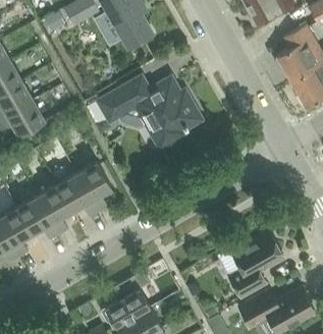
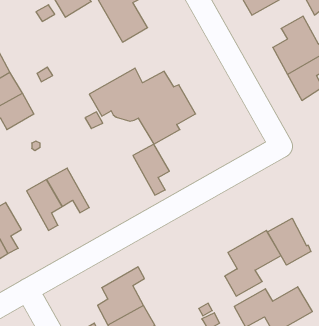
building: [75,162,111,212] -> [133,144,169,195]
building: [15,196,57,239] -> none
building: none -> [268,218,311,265]

